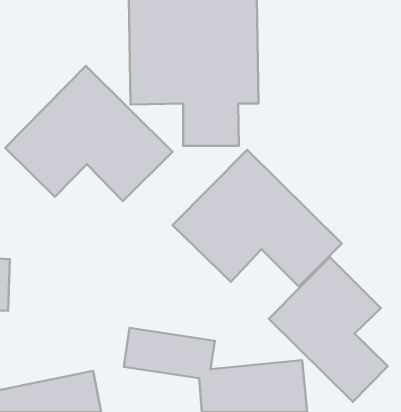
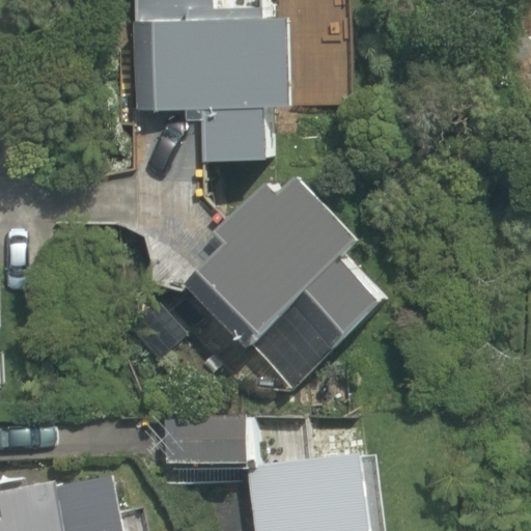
building: [5,66,173,201] -> none
building: [269,257,388,402] -> none

